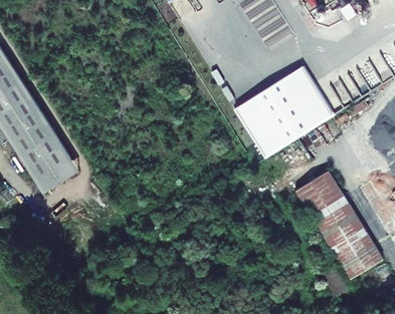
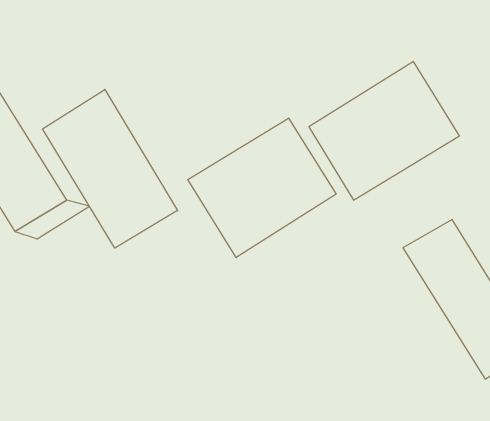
building: none -> [43,89,178,248]
building: none -> [188,118,336,258]

